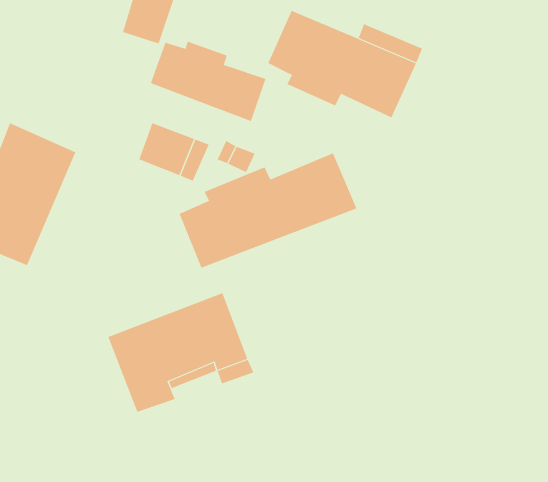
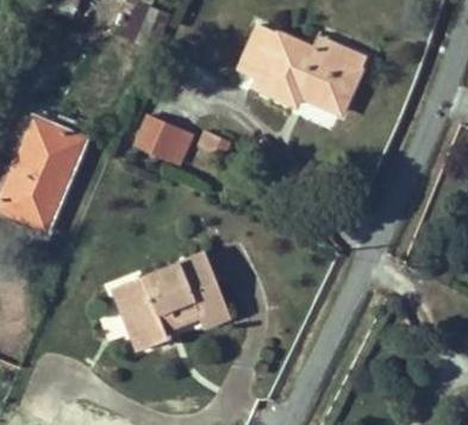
building: [150,41,266,122] -> none
building: [179,152,357,268] -> none

